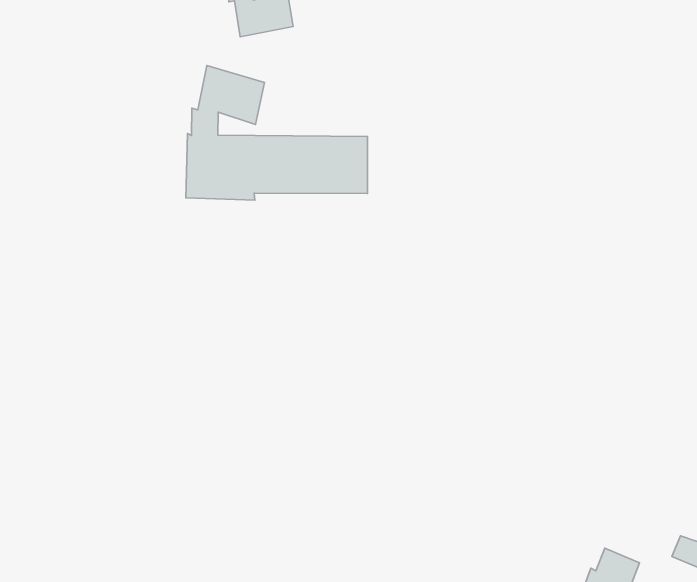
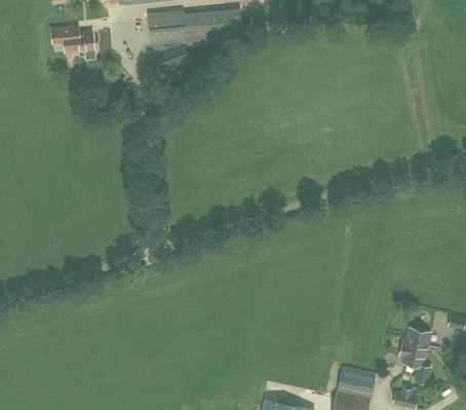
building: [186,65,367,200] -> none

